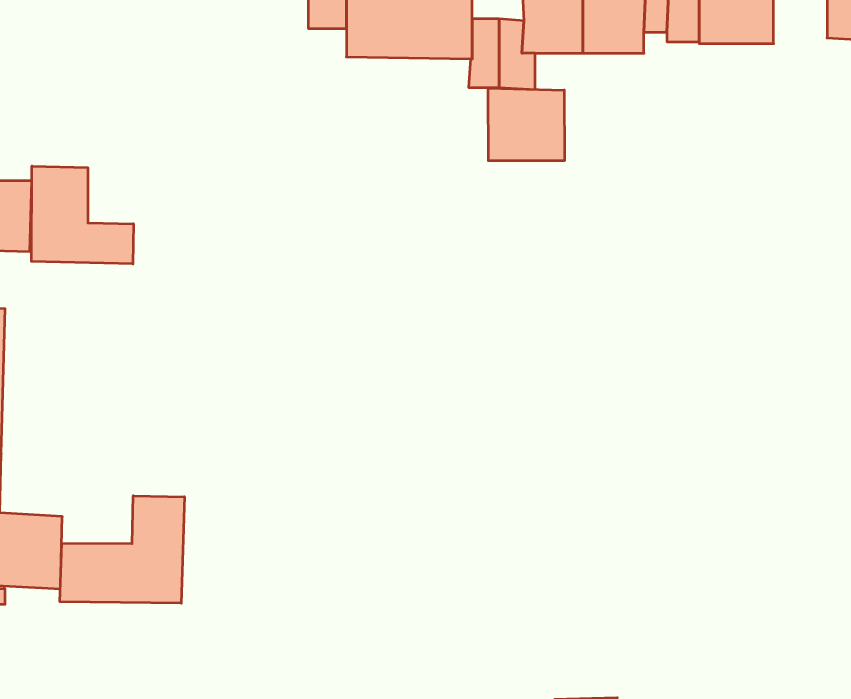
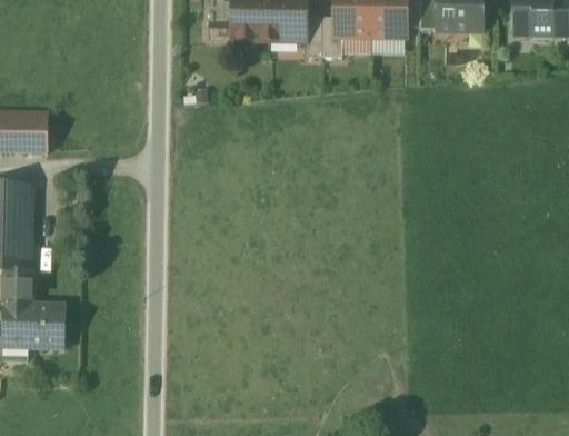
building: [488,88,564,161] -> none
building: [31,166,133,264] -> none
building: [60,496,184,603] -> none

